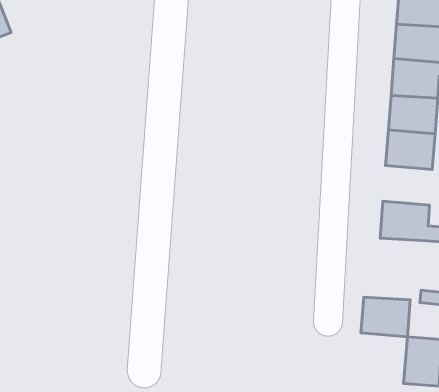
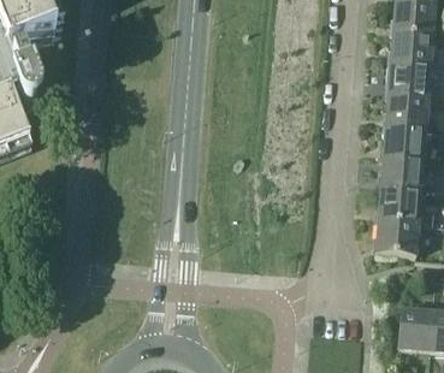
building: none -> [381,147,425,182]
building: [361,297,410,337] -> [377,211,420,245]

